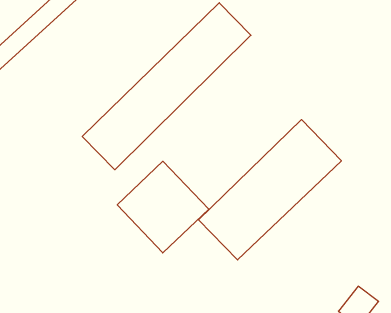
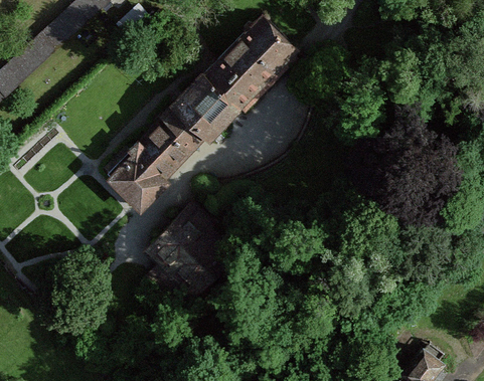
building: [199,120,341,260] -> none

